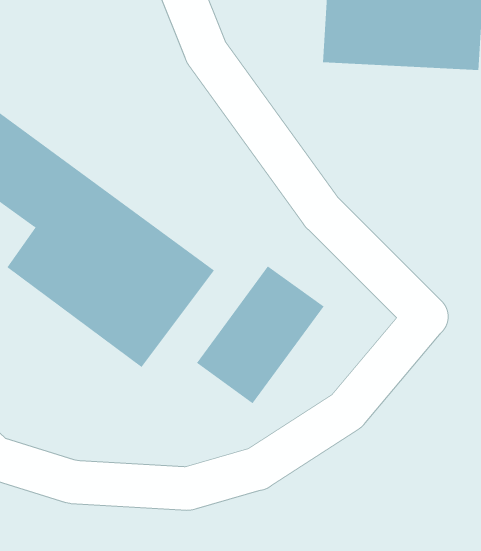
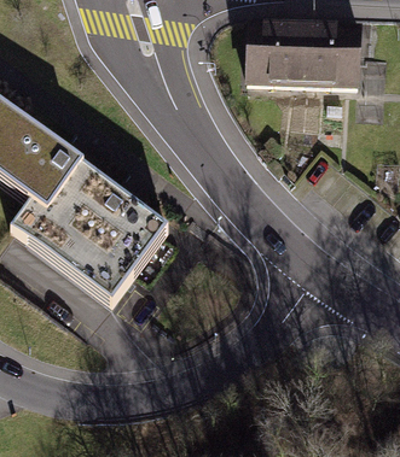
building: [196,265,324,404] -> none

